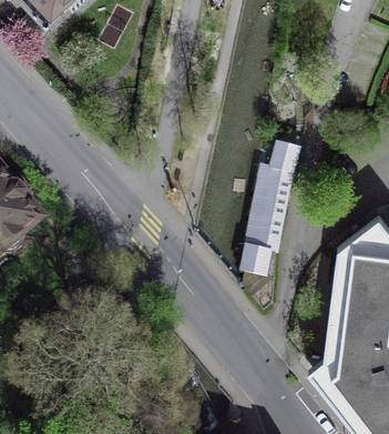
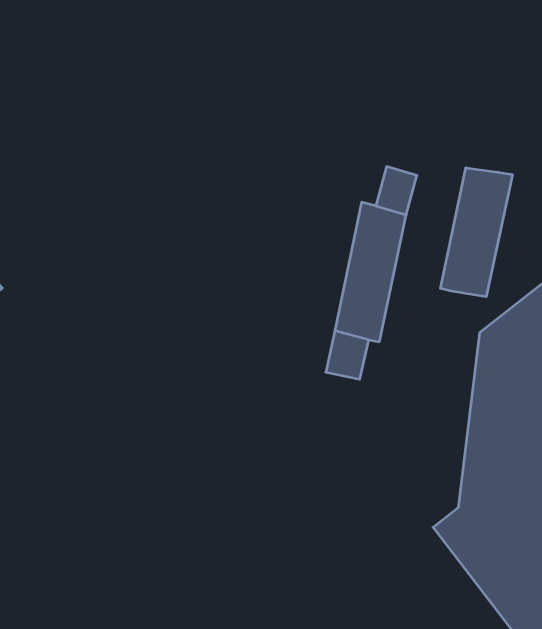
building: none -> [440,168,512,297]

